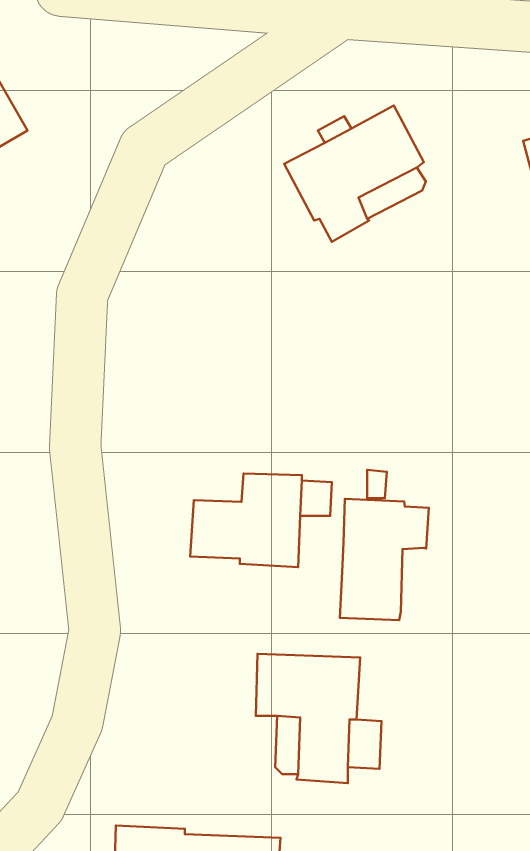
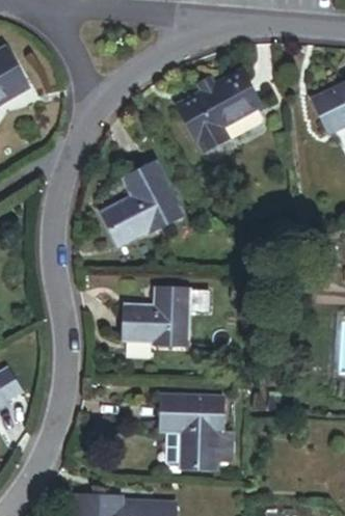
building: none -> [103,161,180,241]
building: [340,499,429,620] -> none

